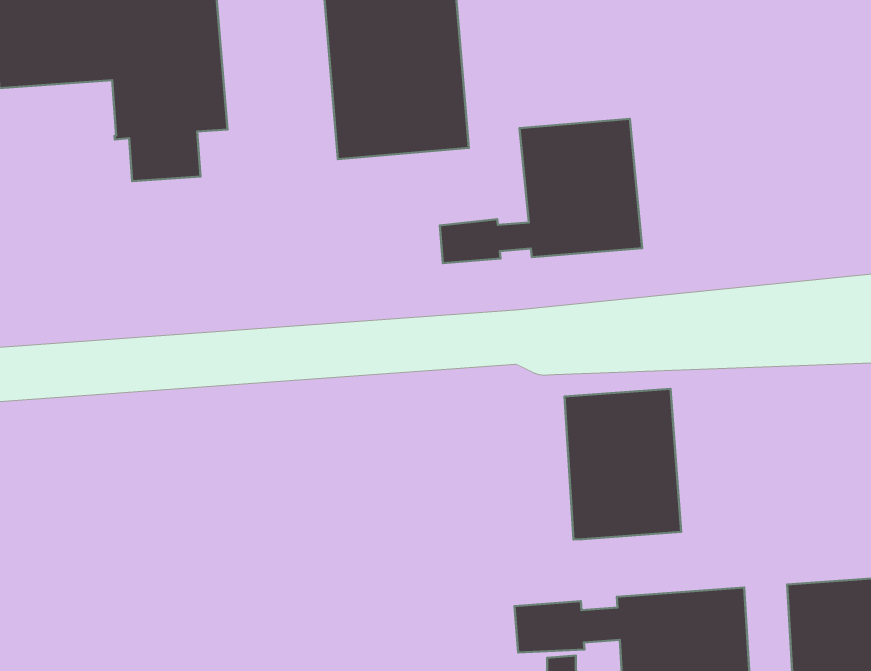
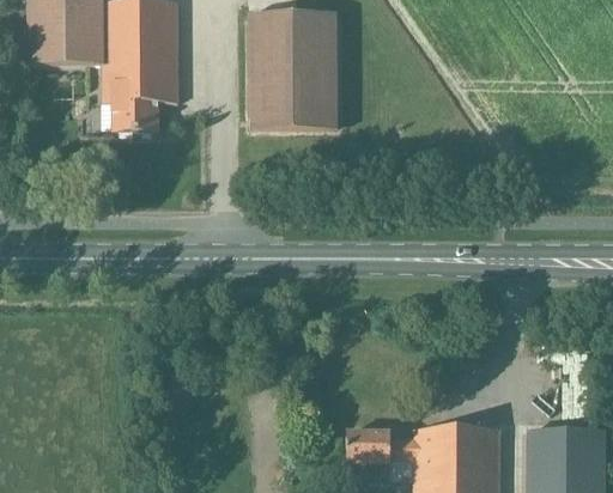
building: [440,119,642,263] -> none
building: [565,389,681,539] -> none

